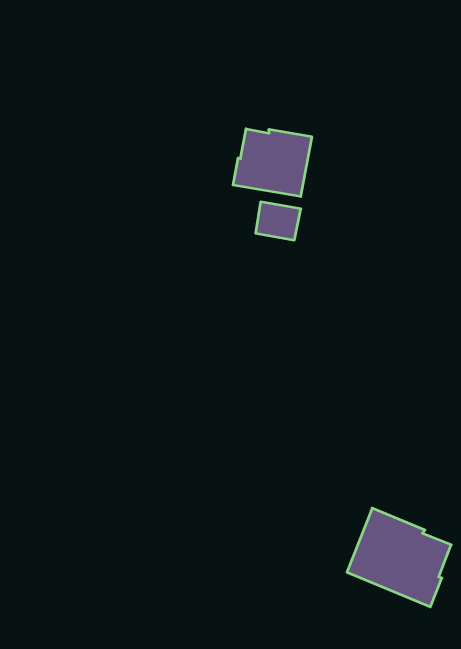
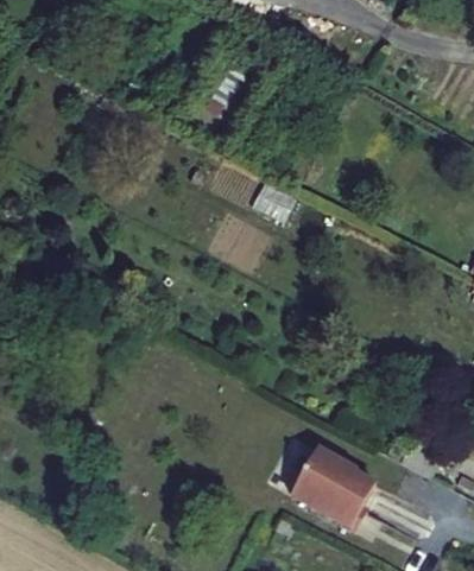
building: [233,129,312,197] -> none

